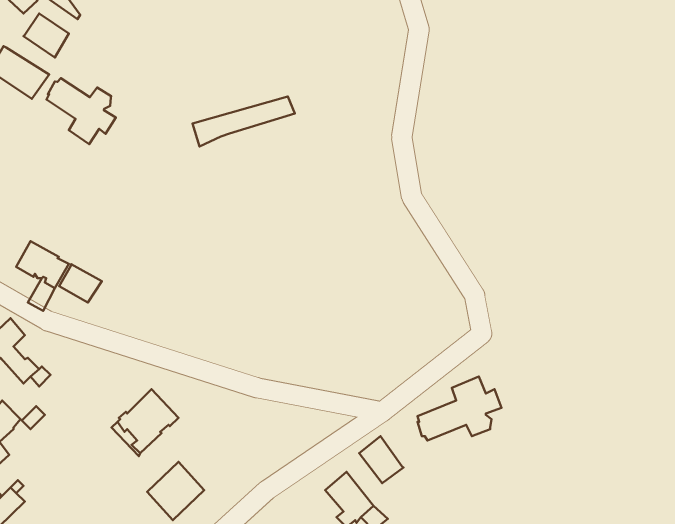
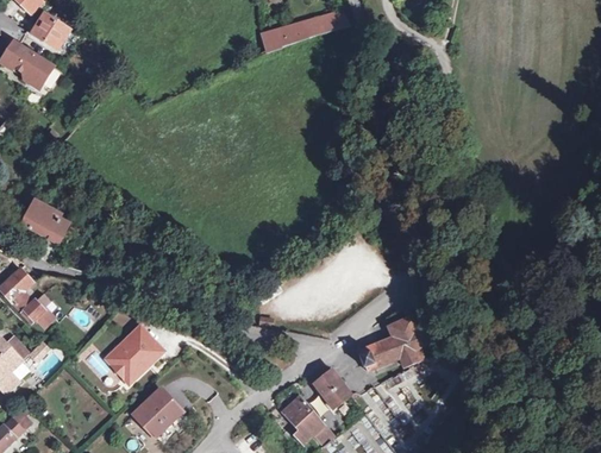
building: [47,78,116,144] -> none
building: [192,97,295,146] -> [262,11,348,52]
building: [59,264,102,303] -> none

